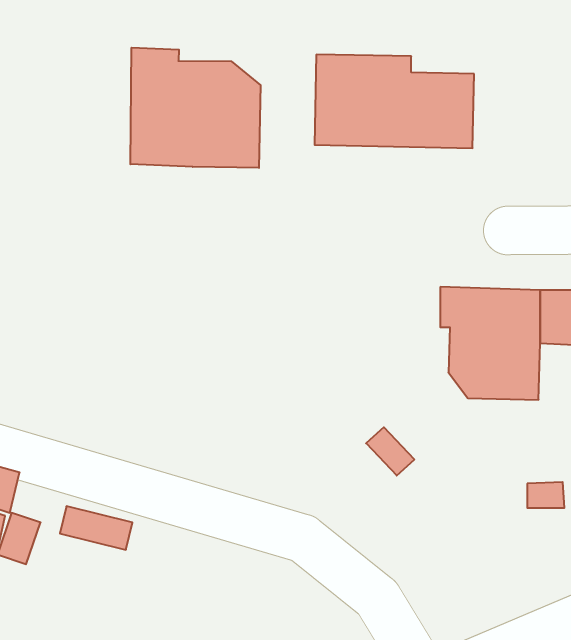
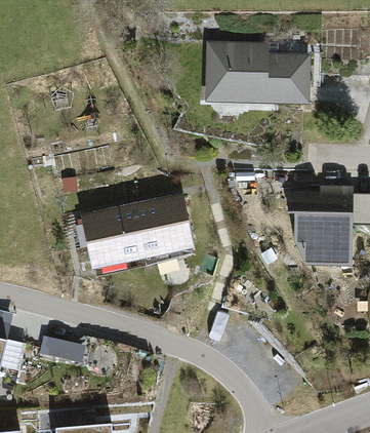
building: [130,48,261,168] -> none
building: none -> [81,198,192,270]

